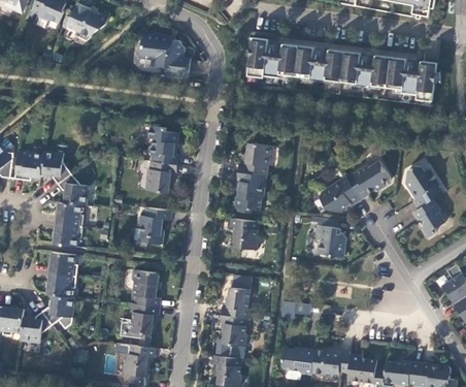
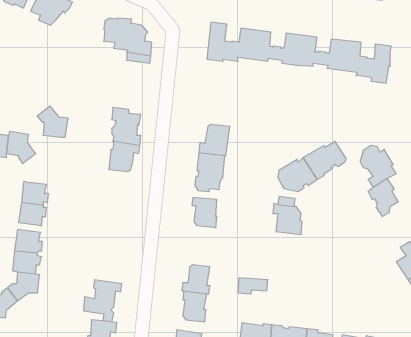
building: [57,173,89,205] -> [37,106,68,137]
building: [137,207,170,245] -> none
building: [132,270,161,308] -> none

